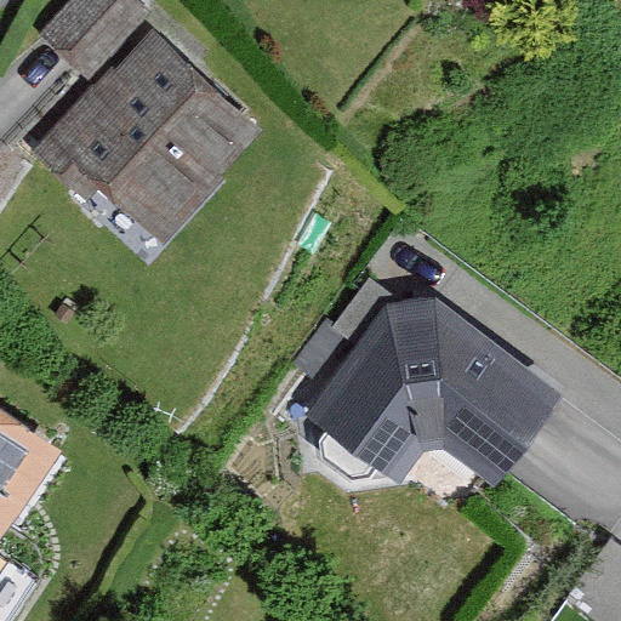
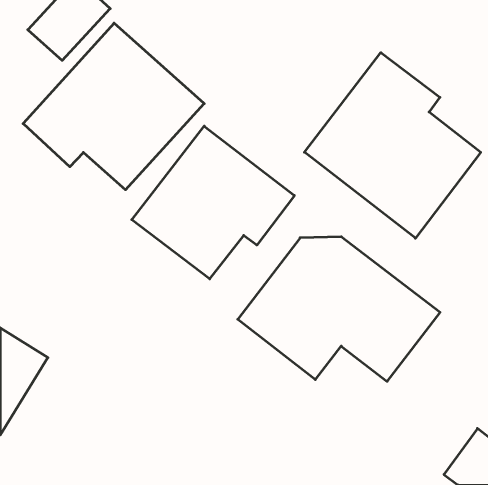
building: none -> [304,53,481,238]
building: none -> [132,126,294,279]

